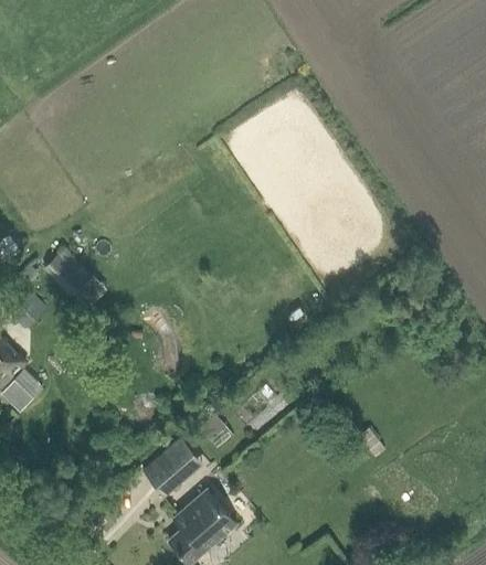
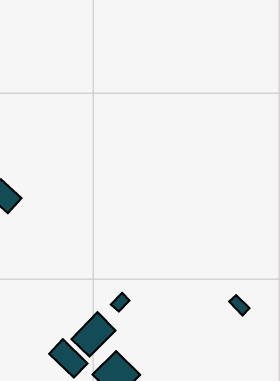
building: none -> [49,339,88,378]

